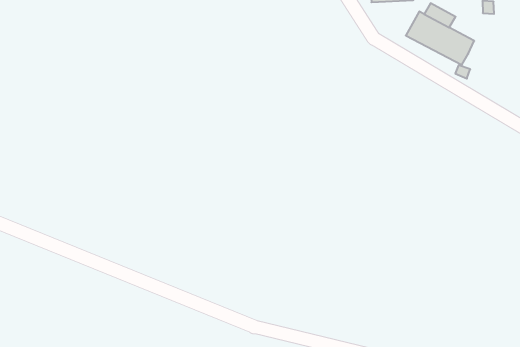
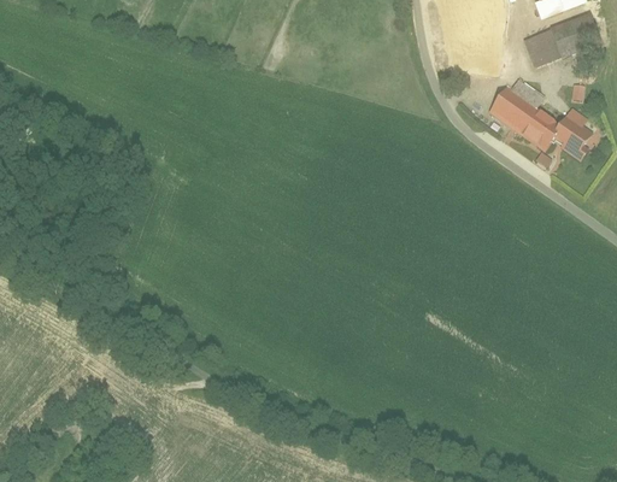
building: none -> [552,106,594,159]

